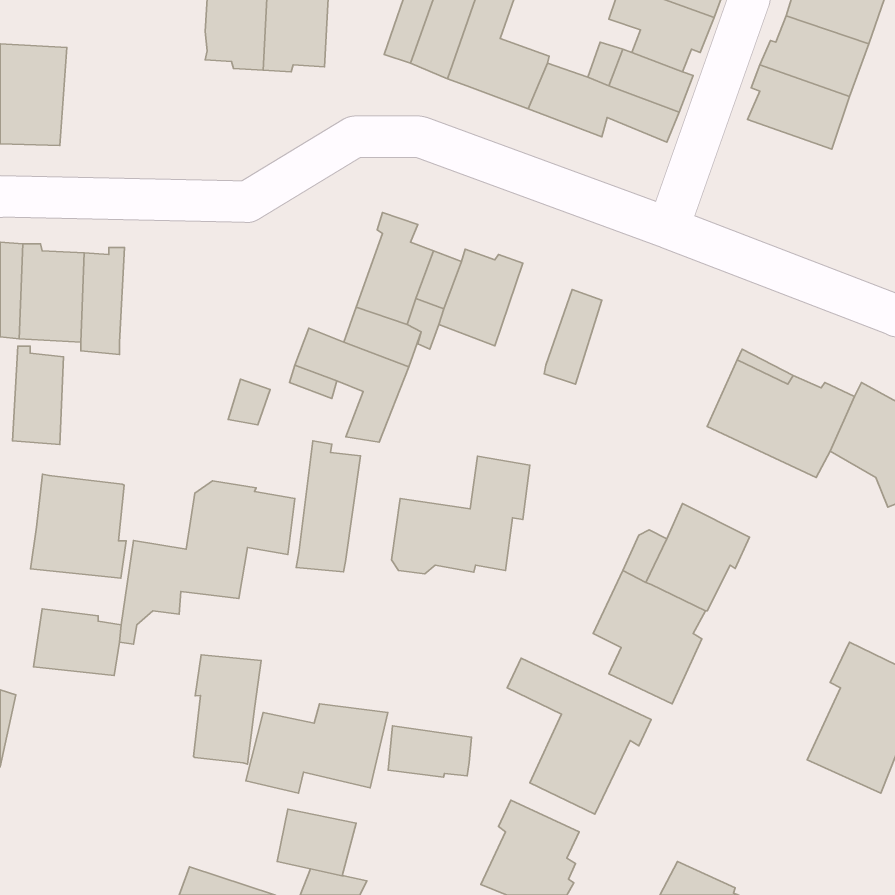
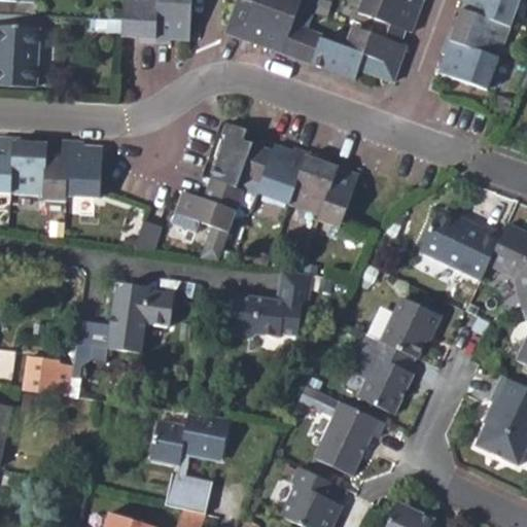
building: none -> [291,154,337,214]
building: [13,346,63,445] -> [71,145,101,203]
building: [296,441,361,572] -> none
building: [30,474,126,578] -> none
building: [194,655,261,764] -> none
building: [388,726,471,777] -> none

